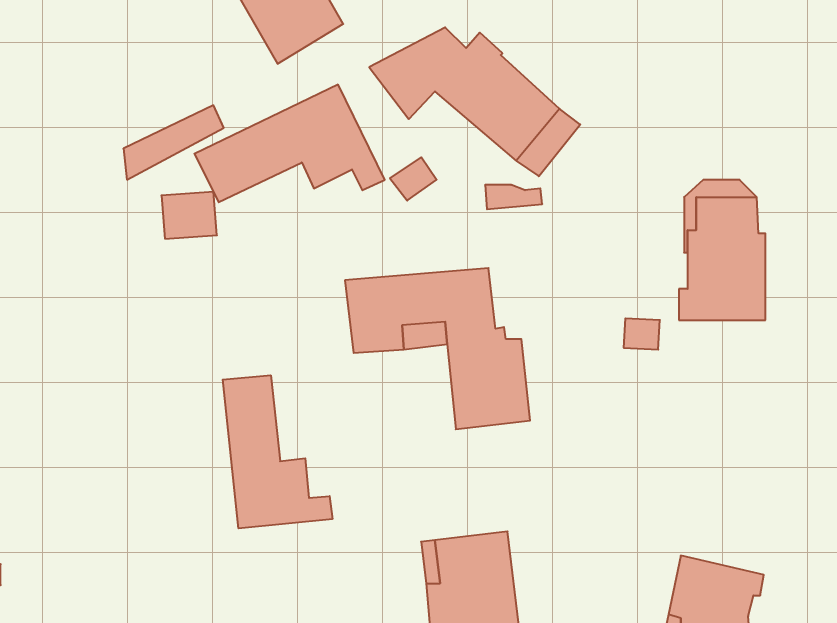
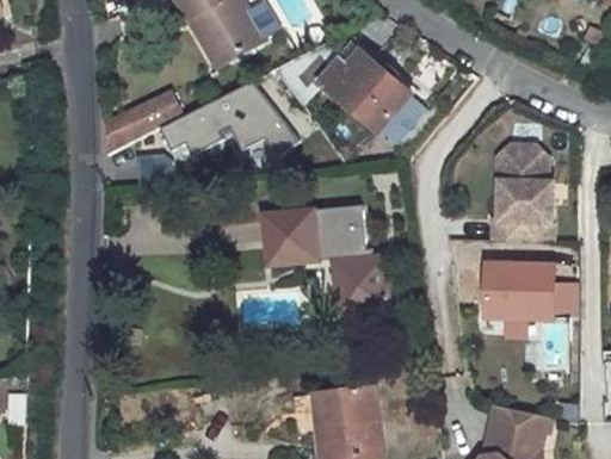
building: none -> [486,265,578,320]
building: [223,375,332,528] -> none

